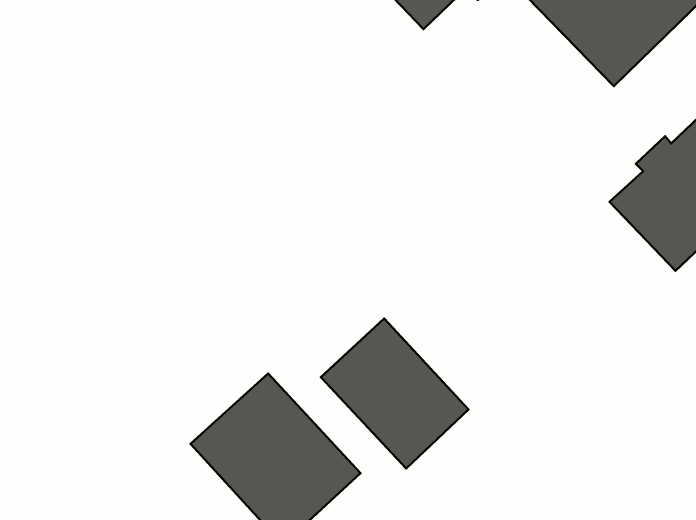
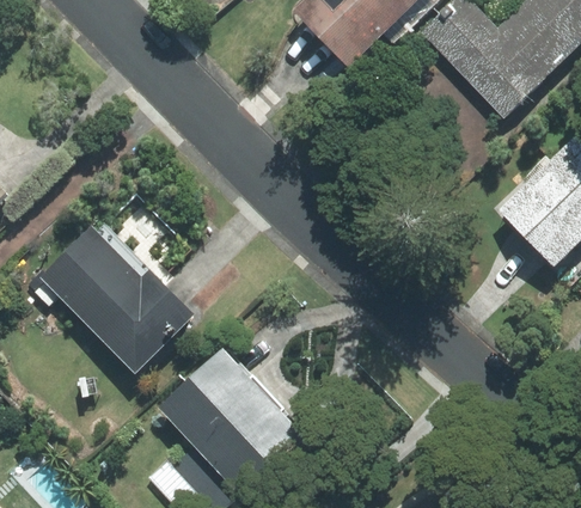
building: none -> [39,225,192,373]
building: [321,319,468,469] -> none

